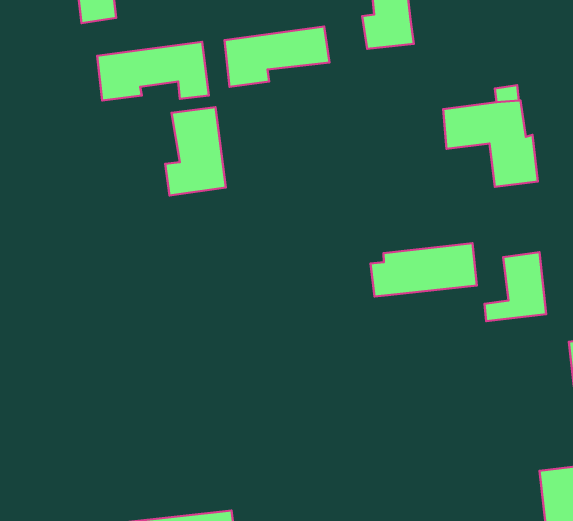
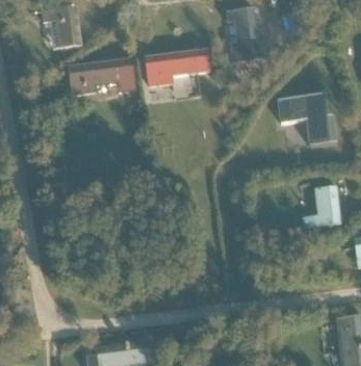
building: [165,107,226,196] -> none
building: [370,243,477,297] -> none

